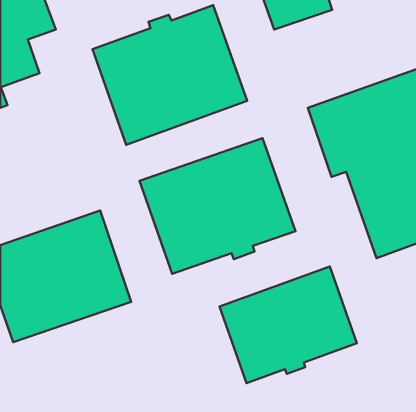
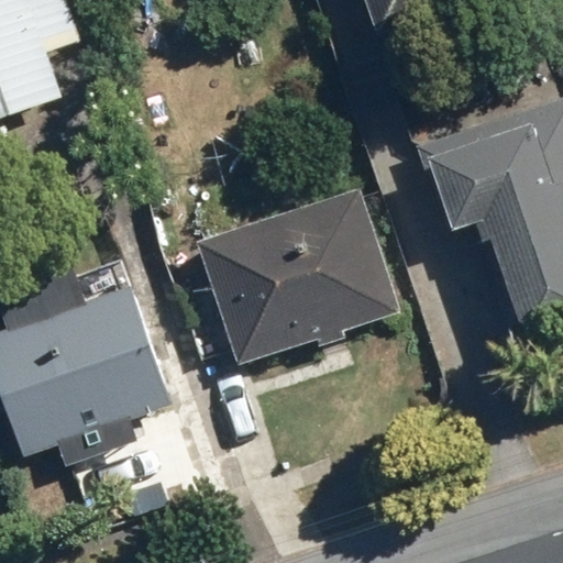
building: [92,5,247,145] -> none
building: [219,266,357,383] -> none

